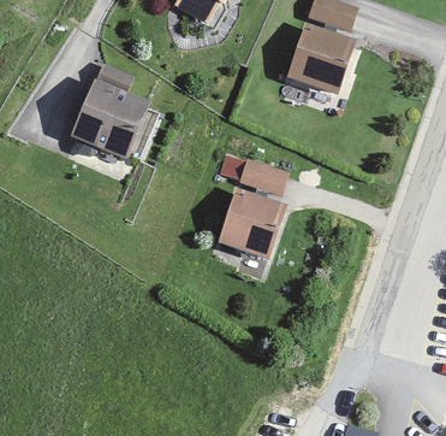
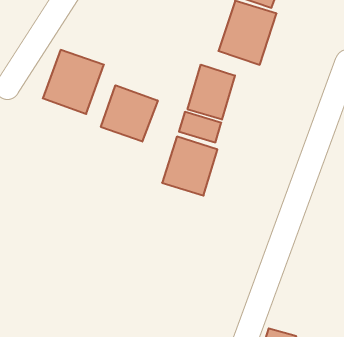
building: none -> [188,65,235,120]
building: none -> [101,85,158,142]

